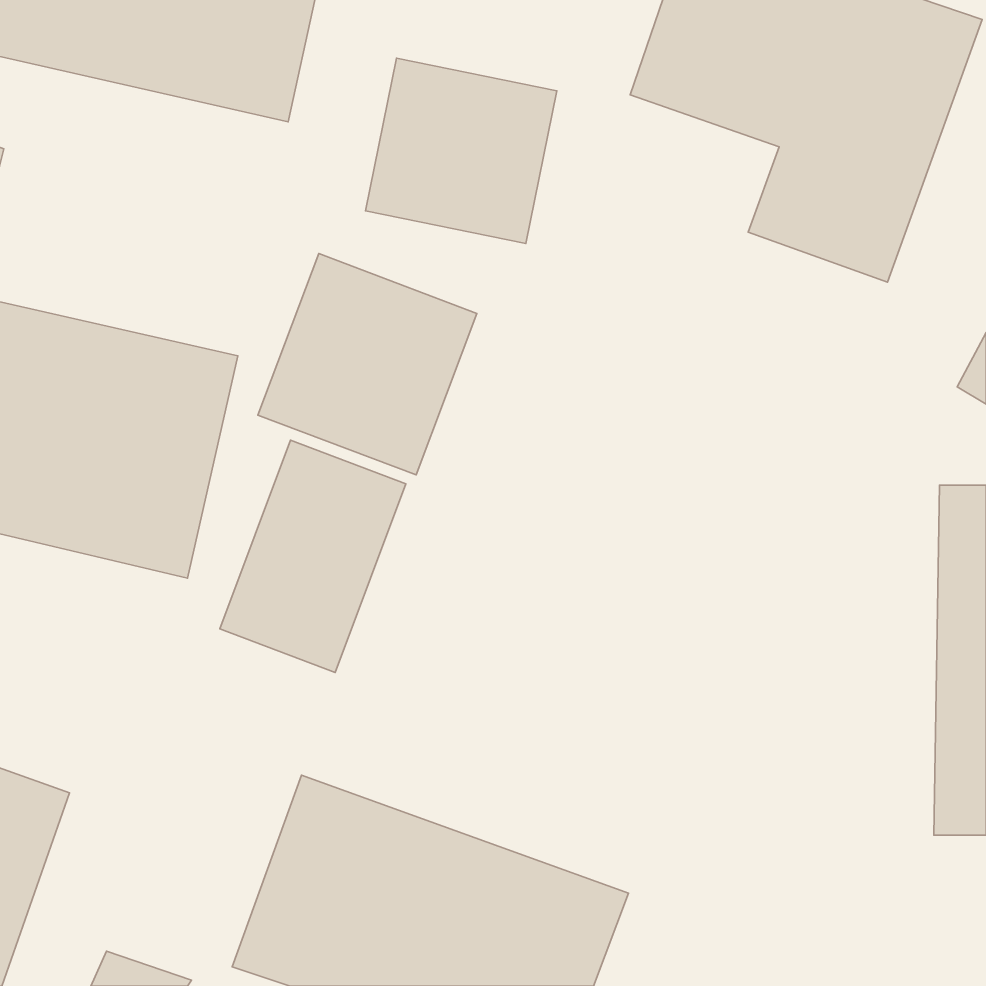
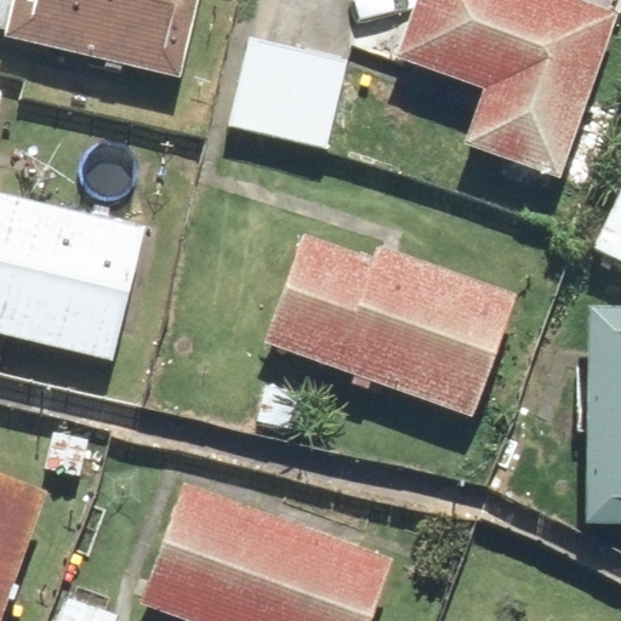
building: [258,254,477,475] -> none
building: none -> [263,234,520,421]
building: [220,440,406,672] -> none

